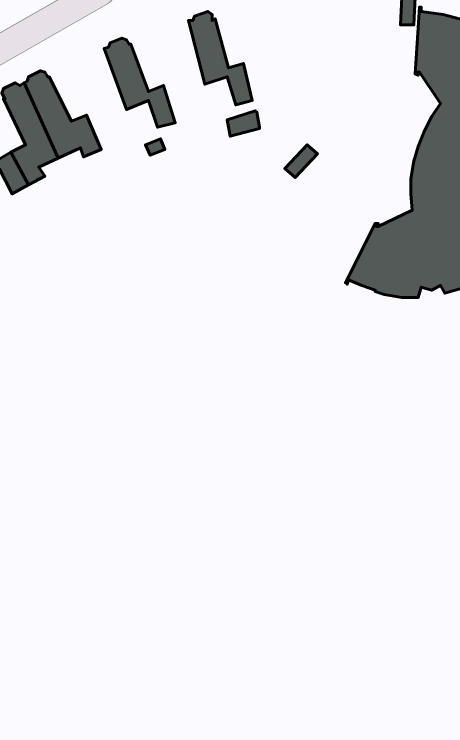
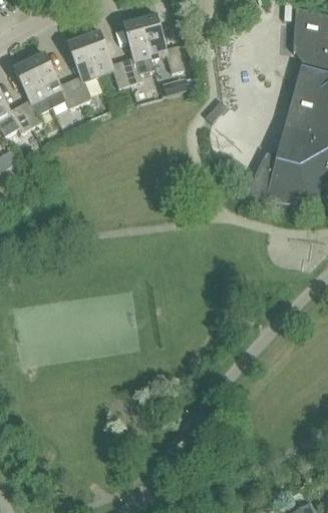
building: none -> [123,15,154,85]
building: none -> [68,34,98,103]

